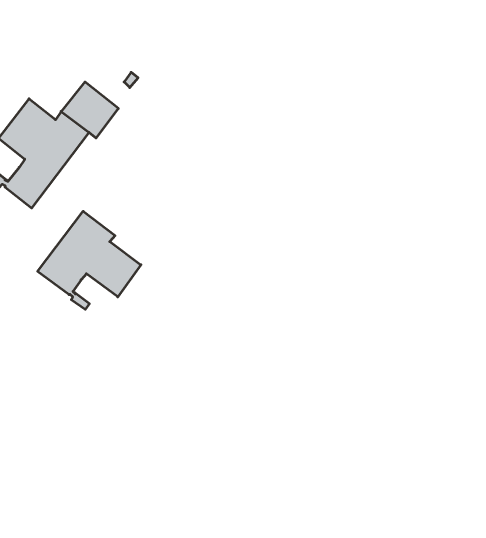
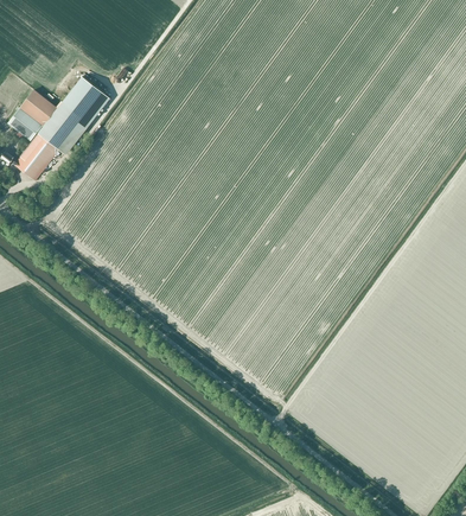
building: [38,211,141,309] -> none

